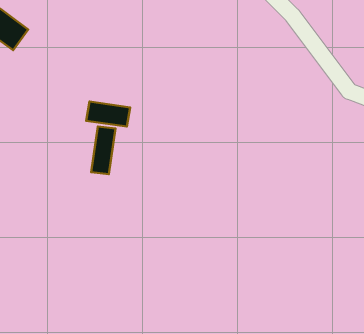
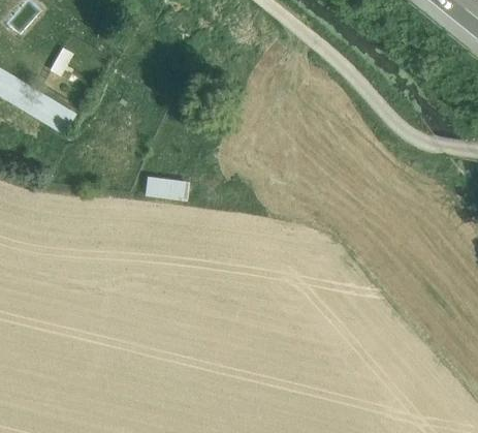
building: [91,127,115,174] -> none

